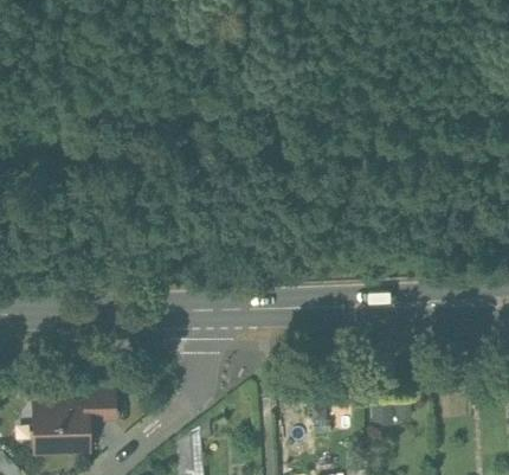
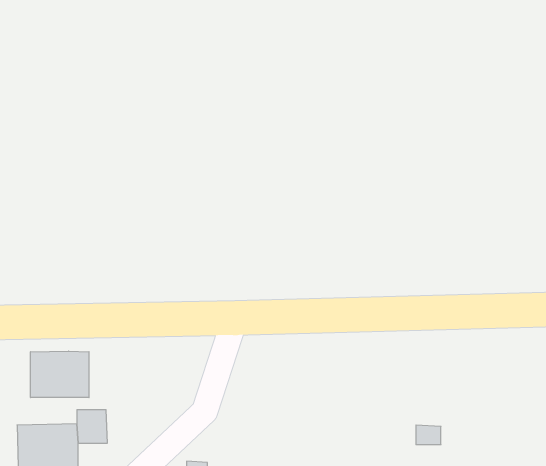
building: none -> [31,351,89,398]

